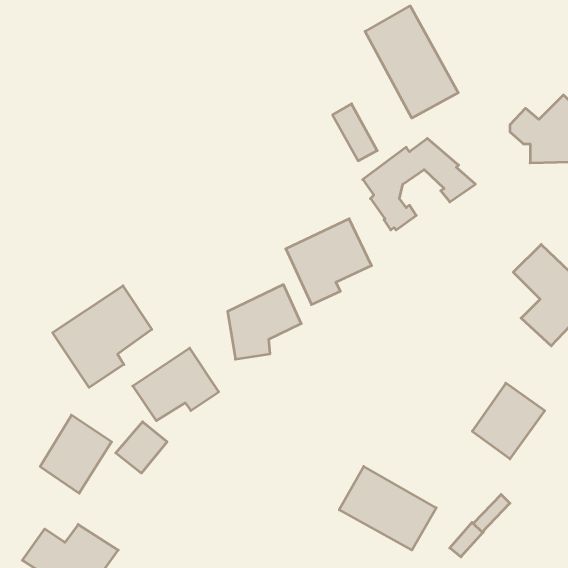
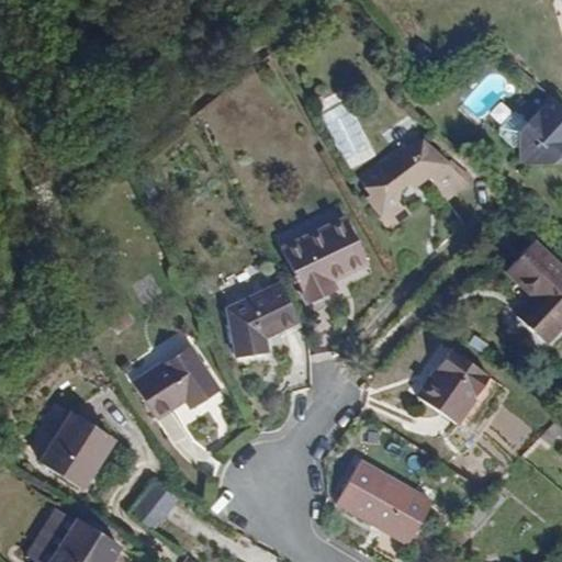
building: [365,6,458,118] -> none
building: [53,286,152,387] -> none
building: [472,383,545,459] -> [418,349,490,424]
building: [116,422,167,473] -> [133,480,183,530]

